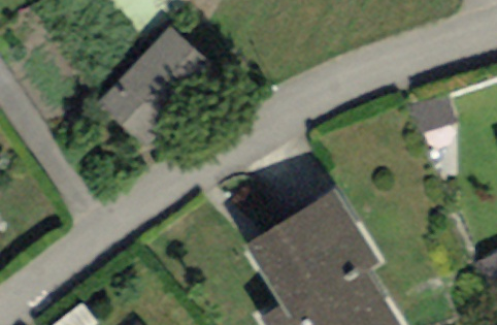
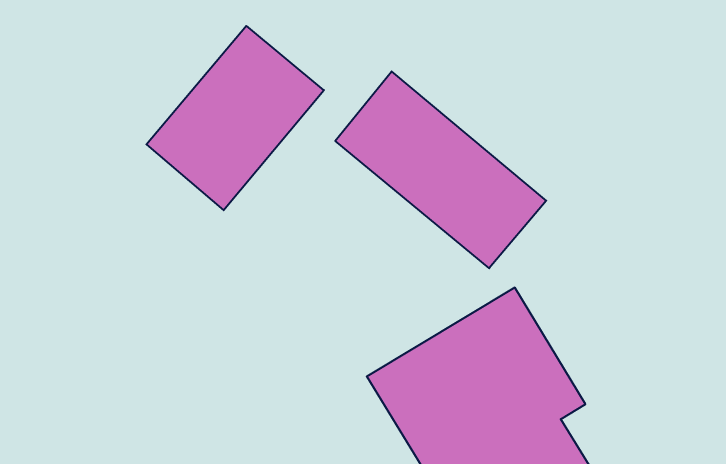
building: none -> [335,71,546,268]

